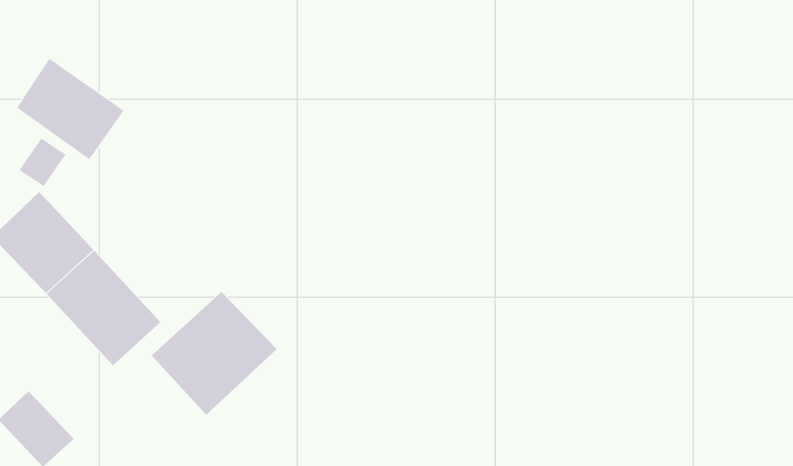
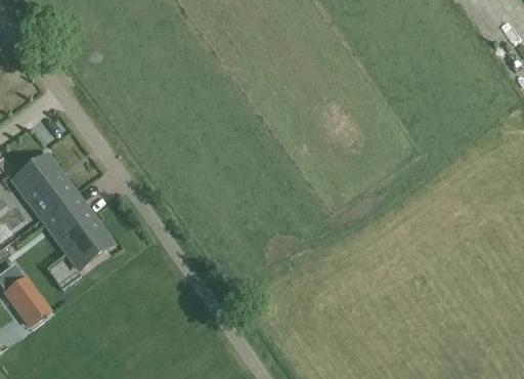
building: [16,58,124,160] -> none
building: [151,291,277,415] -> none

